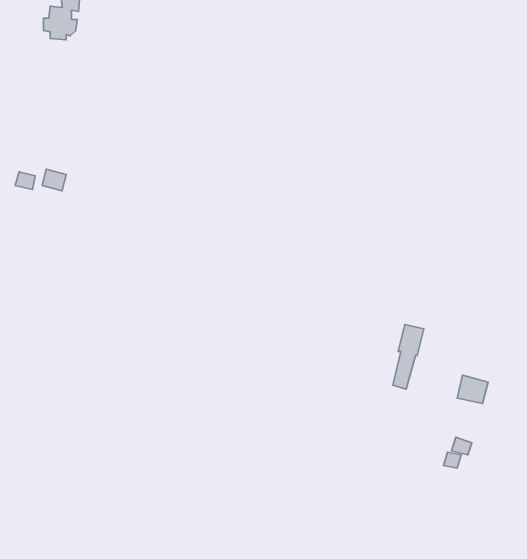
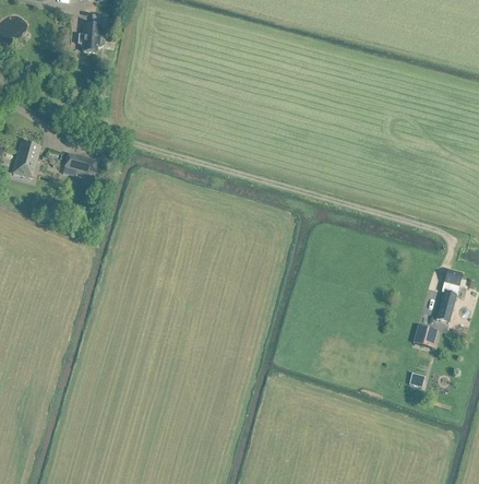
building: [393,325,424,389] -> [438,269,463,321]

